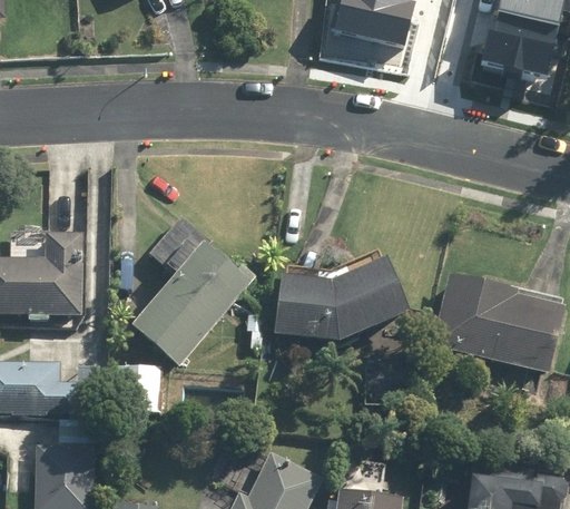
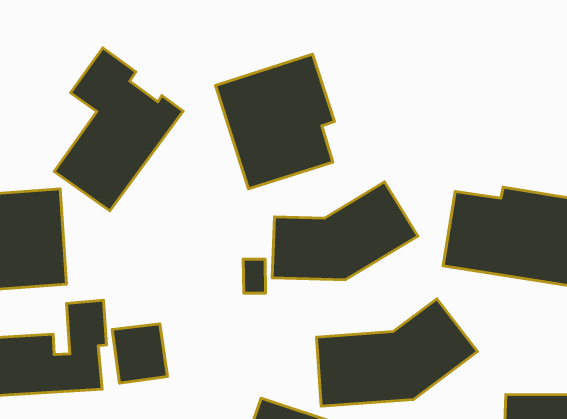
building: none -> [216,54,335,189]
building: [126,218,250,369] -> [54,48,183,211]
building: none -> [317,299,478,406]

